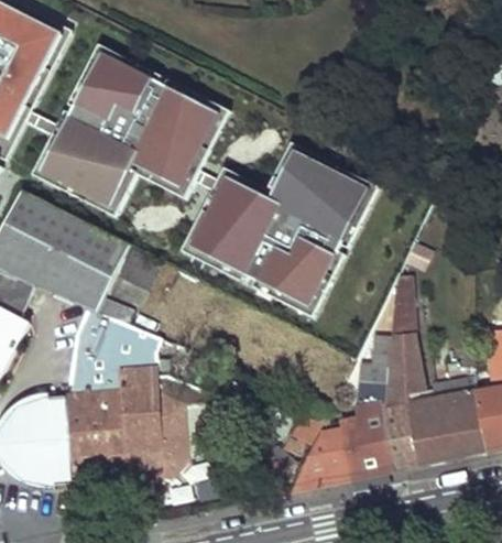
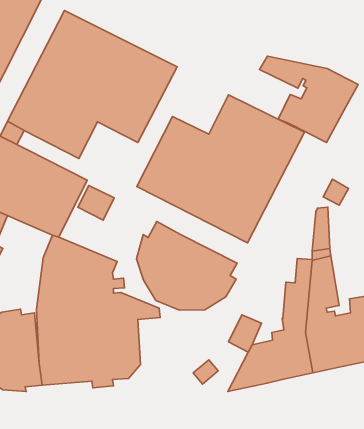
building: none -> [259,56,358,143]
building: none -> [137,222,237,310]

